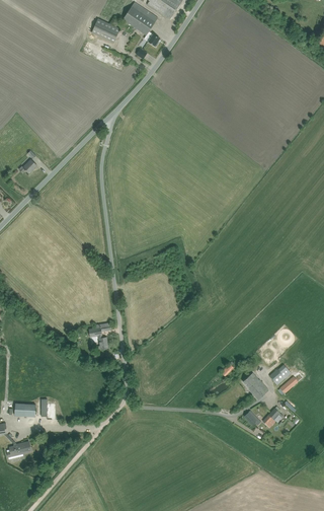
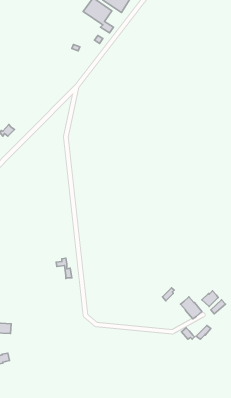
building: [91,18,120,44] -> none

